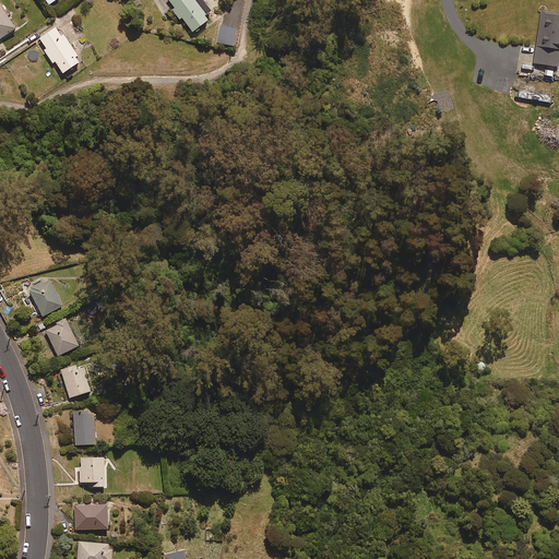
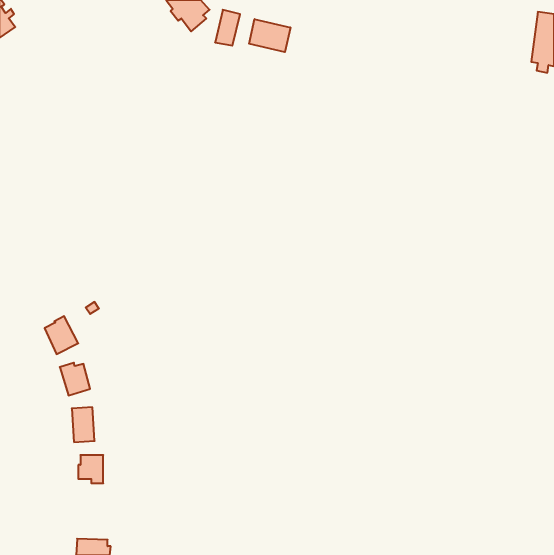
building: none -> [249,19,290,52]
building: [38,25,80,72] -> none
building: [27,280,62,316] -> none
building: [73,504,108,530] -> none

